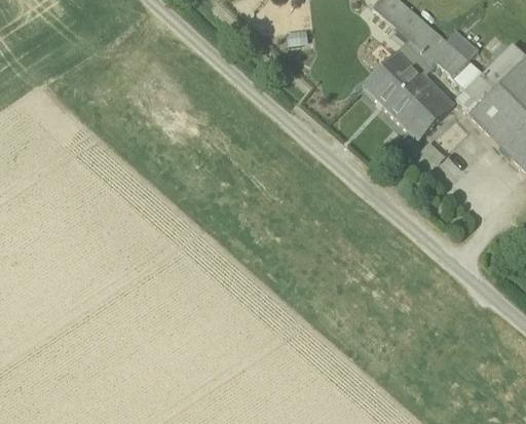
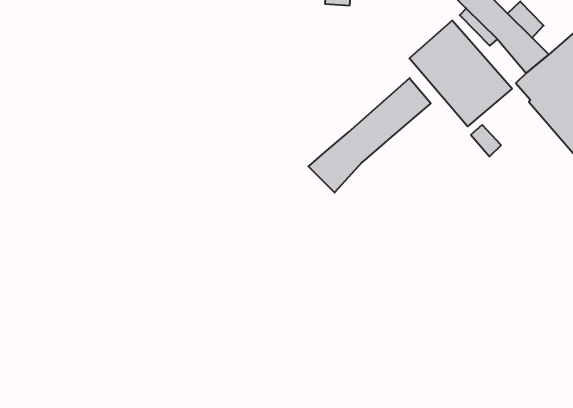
building: none -> [308,78,431,193]

